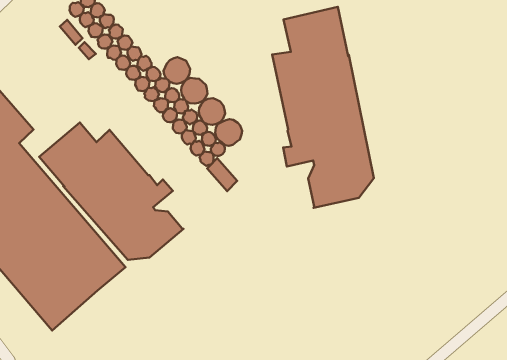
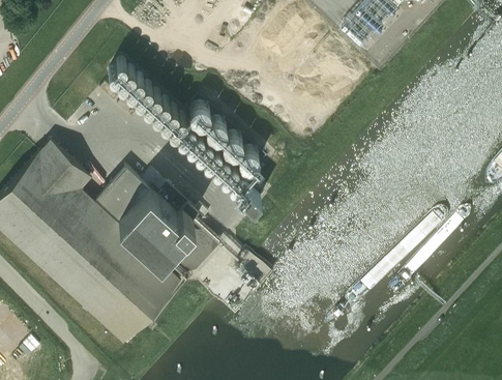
building: [272,7,374,208] -> none

